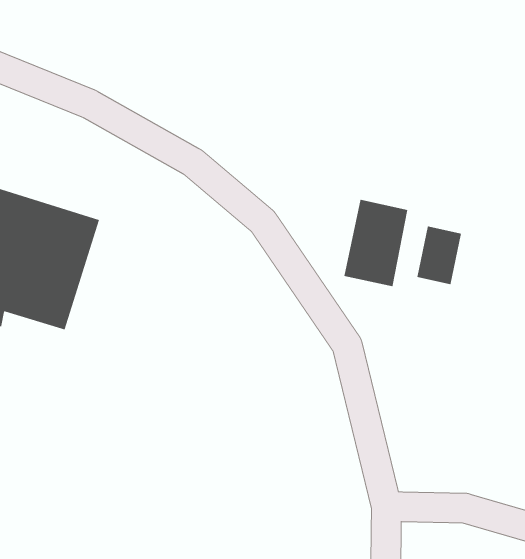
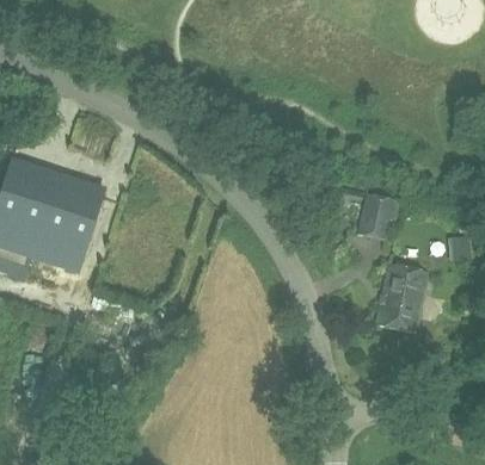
building: [343,199,408,287] -> [376,262,428,331]

